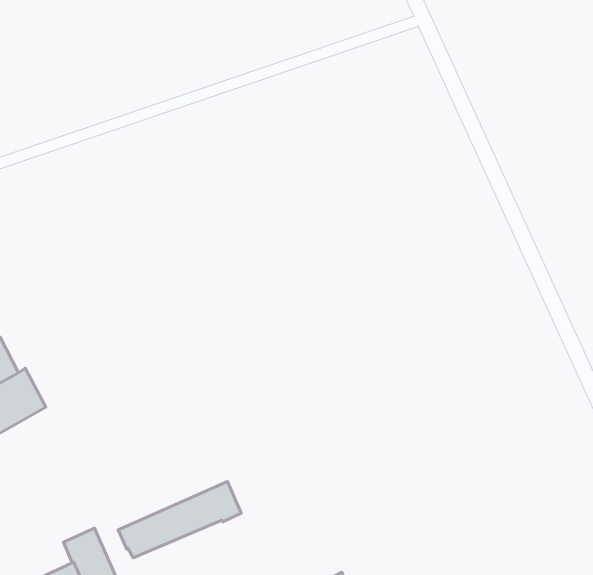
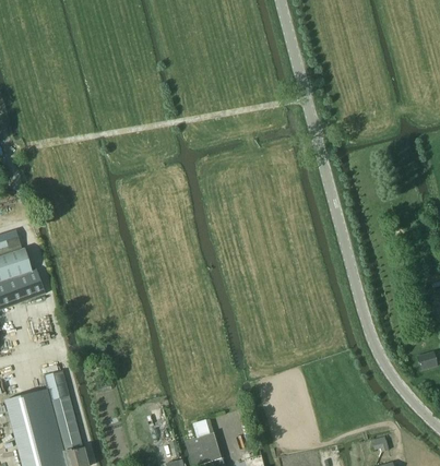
building: [118,481,241,558] -> none

